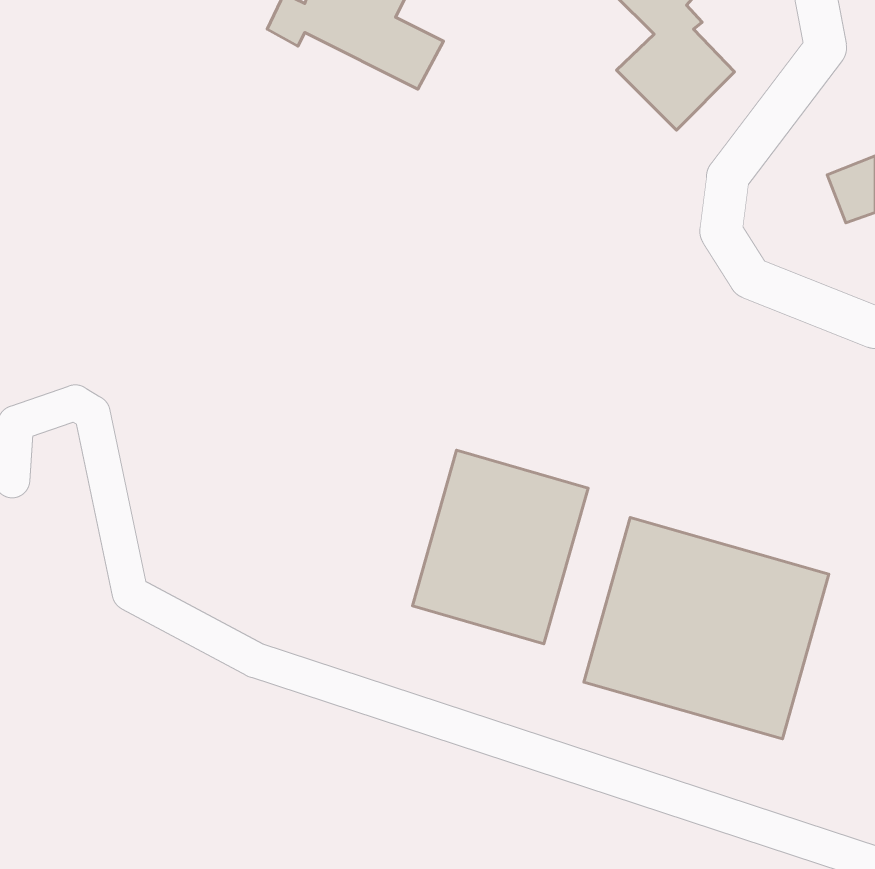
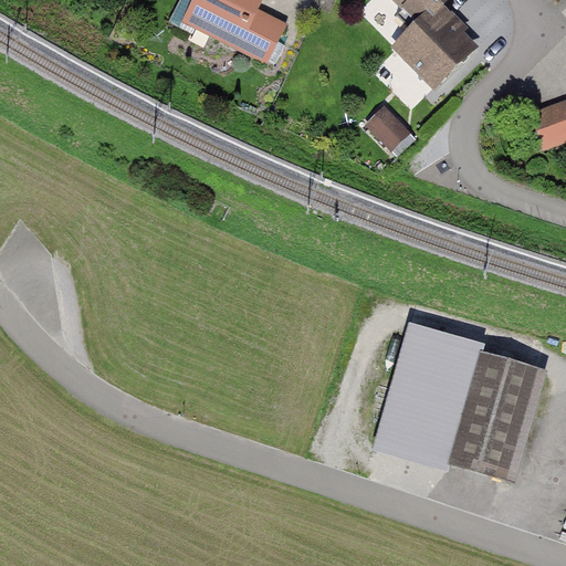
building: none -> [367,105,413,150]
building: [412,450,588,644] -> none

